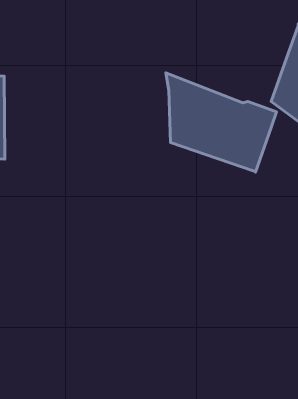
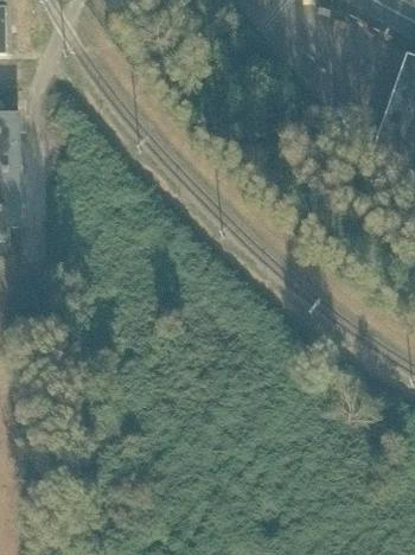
building: [166,73,277,172] -> none

